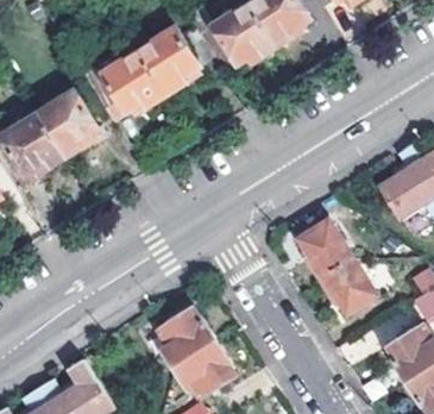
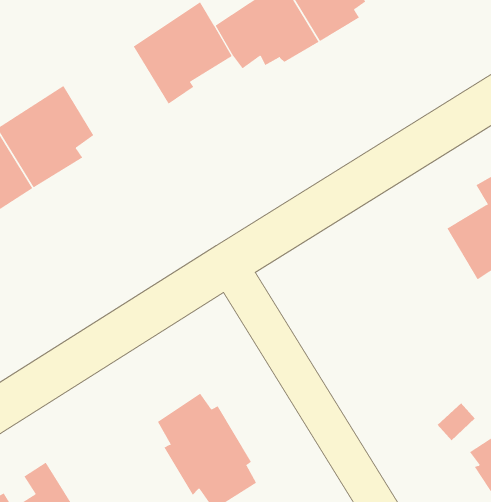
building: [87,50,168,119] -> none
building: [304,219,378,312] -> none

